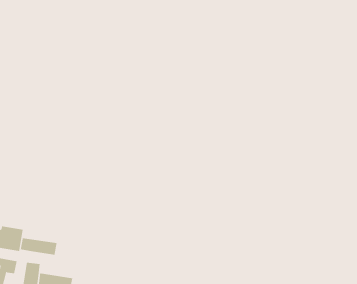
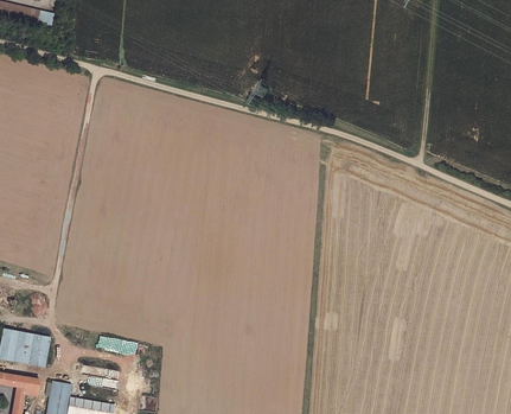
building: [20,237,57,256] -> none

